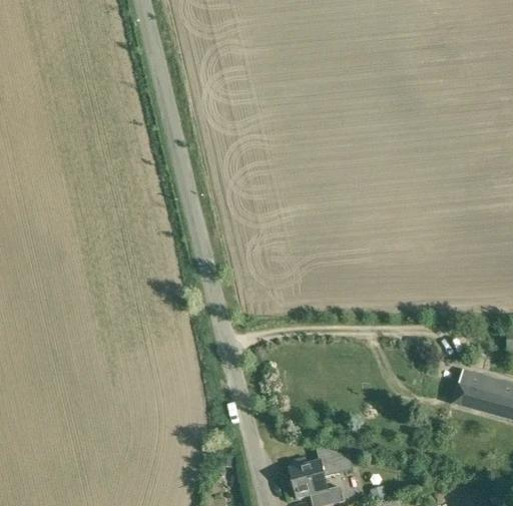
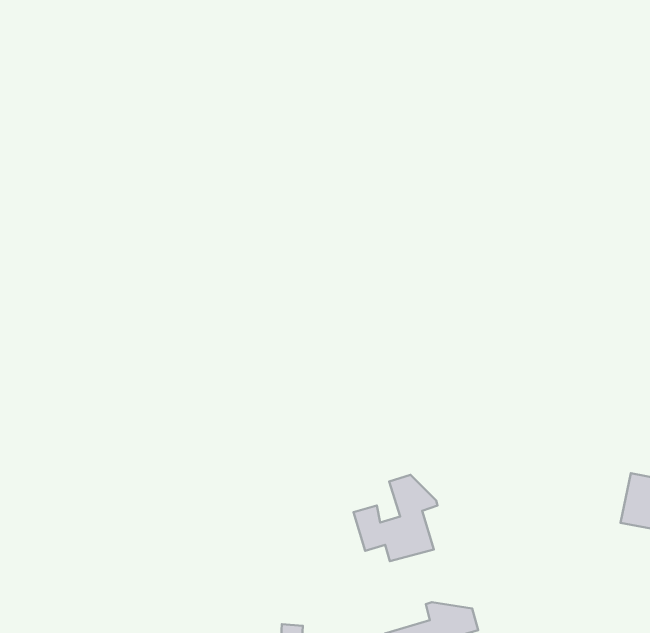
building: none -> [353,475,438,561]

